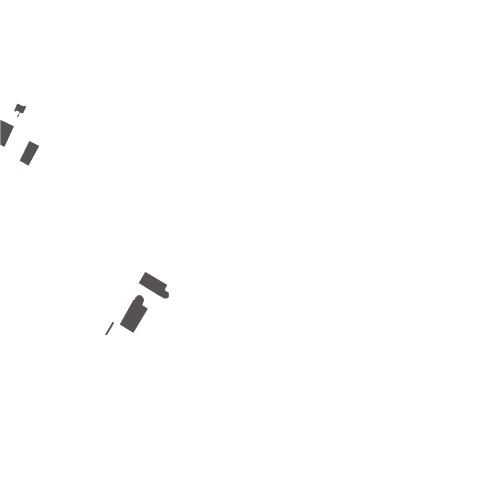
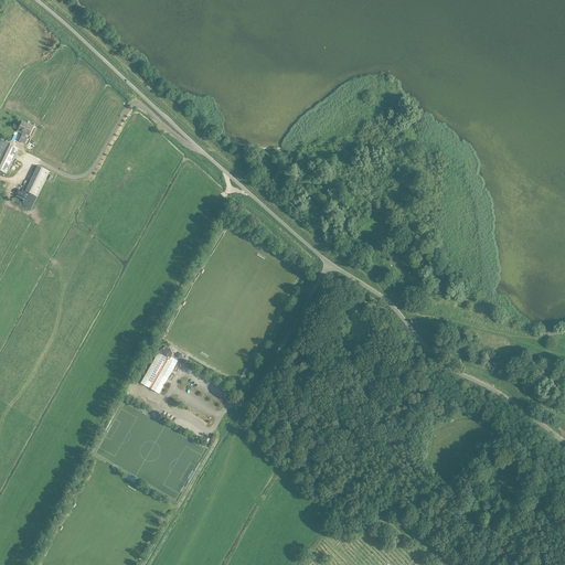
building: [138,271,170,299] -> none

